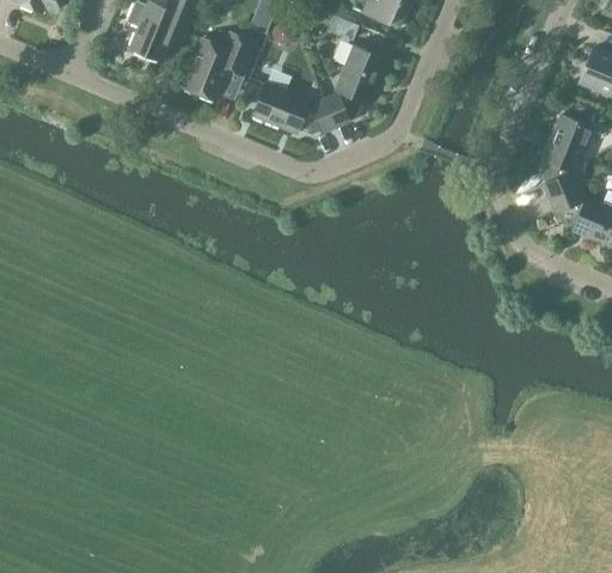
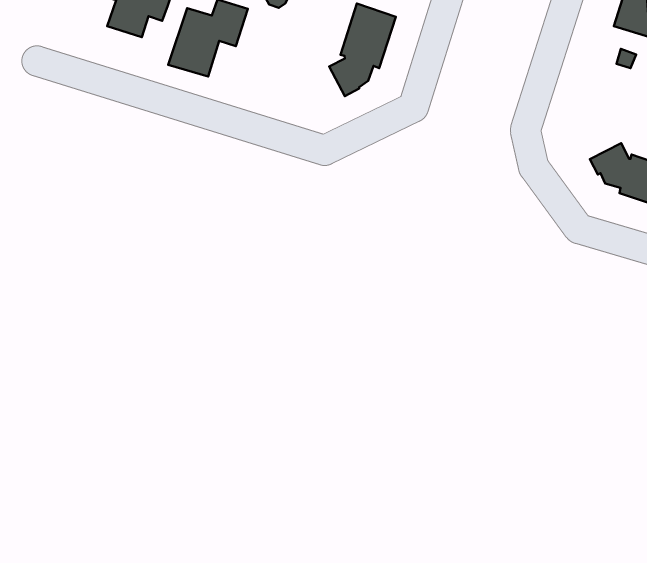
building: [252,81,336,134] -> none
building: [540,114,593,197] -> none

